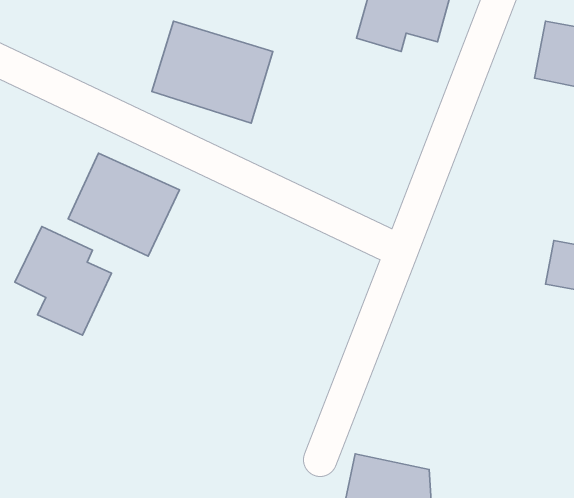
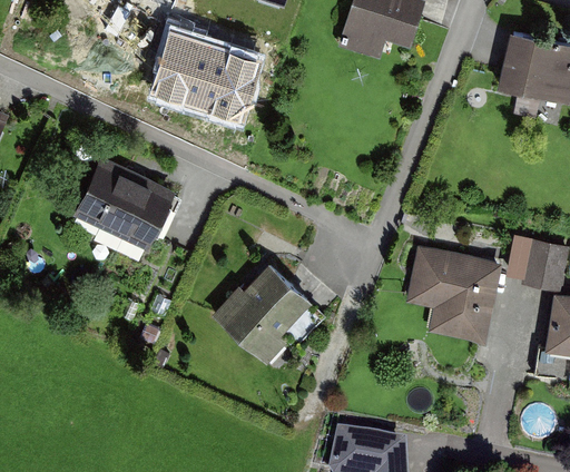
building: [15,227,112,335] -> none
building: none -> [410,249,499,342]
building: none -> [212,259,307,357]

